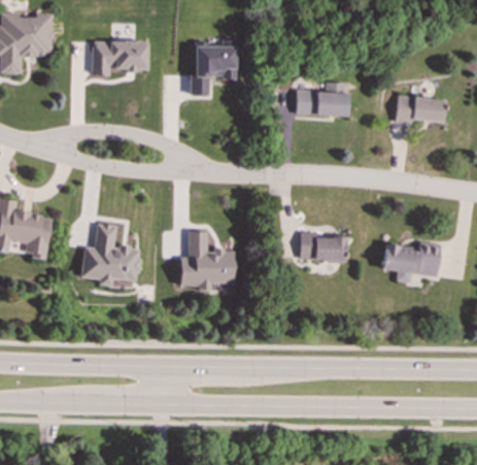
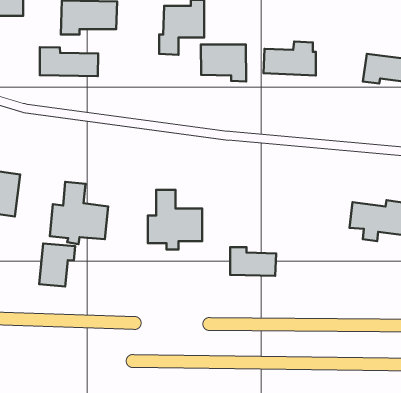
building: none -> [201,45,246,81]
building: none -> [40,47,98,76]
building: [300,232,346,261] -> [230,247,276,276]
building: none -> [39,244,75,287]

